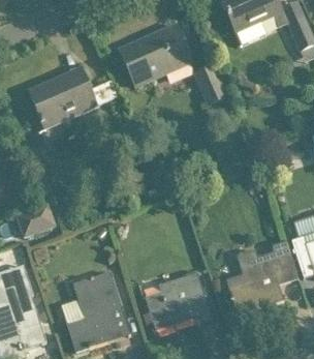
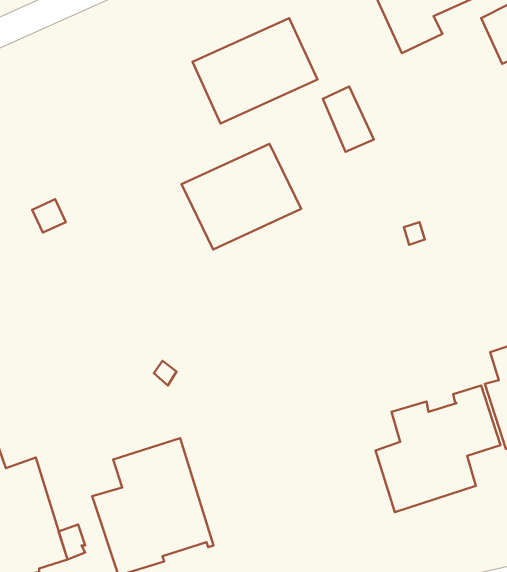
building: [26,68,96,130] -> [181,144,301,249]
building: [14,205,55,238] -> none
building: [145,272,212,331] -> none

